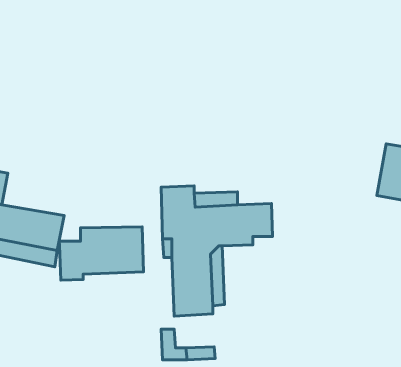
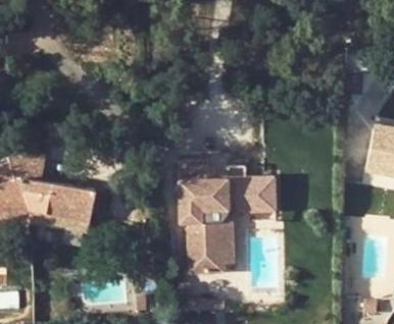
building: [59,227,144,280] -> none

